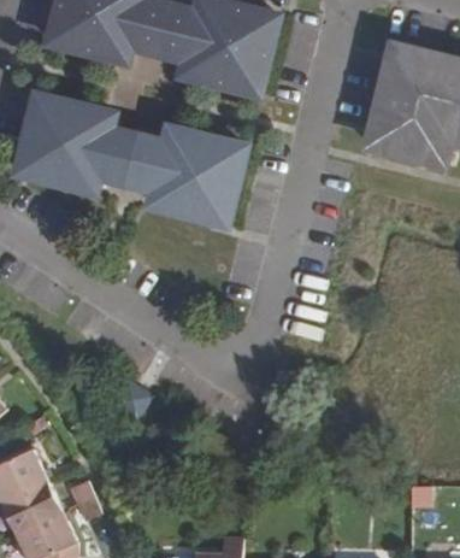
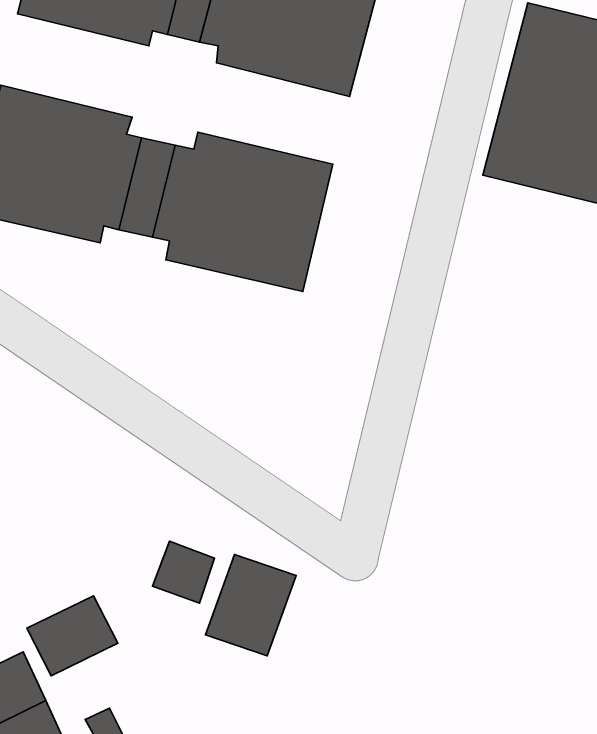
building: none -> [205,554,296,656]
building: none -> [27,596,118,676]

